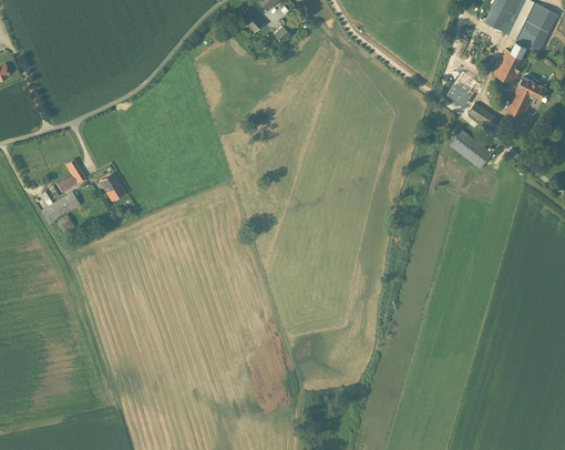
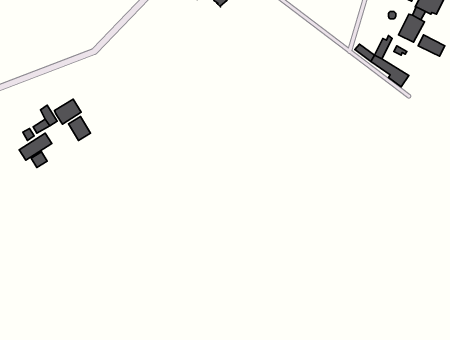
building: [506,88,534,119] -> none
building: [450,130,493,167] -> none
building: none -> [55,99,81,124]

